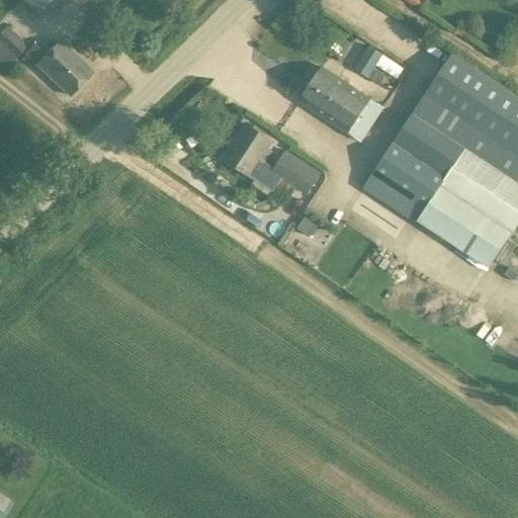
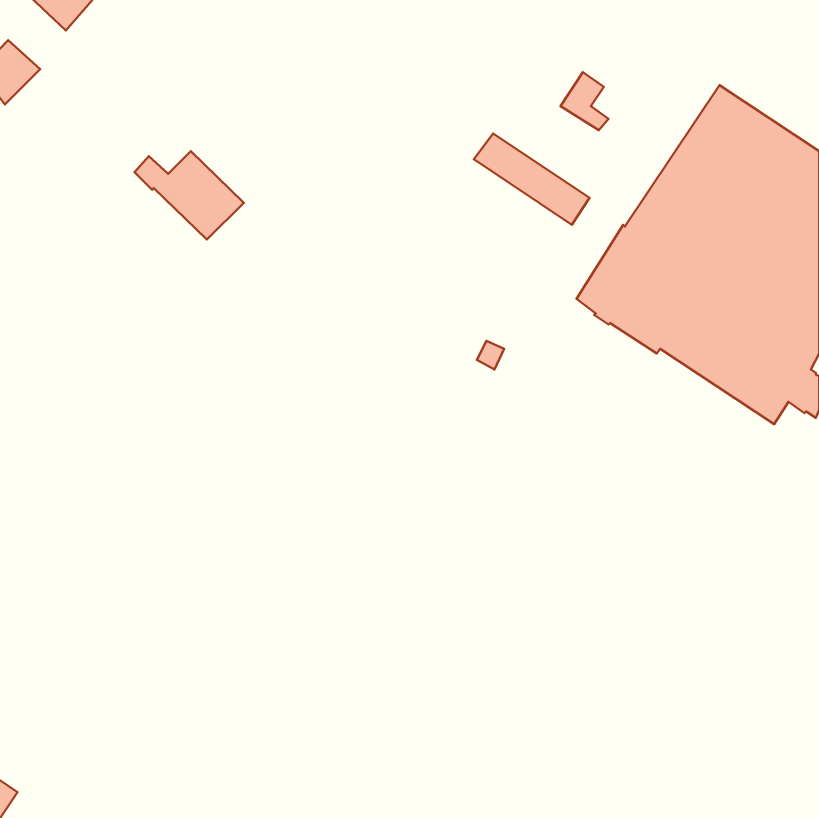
building: [22,39,91,95] -> [135,151,244,240]
building: [311,67,382,124] -> none
building: [223,123,320,193] -> none

